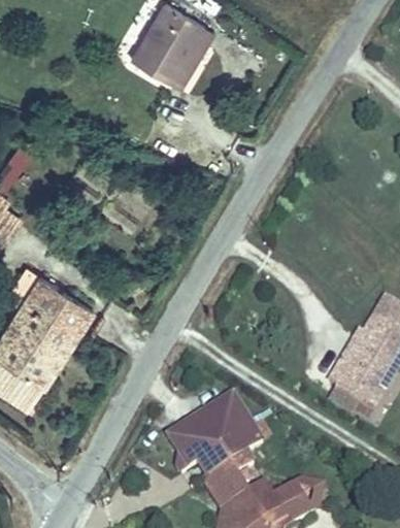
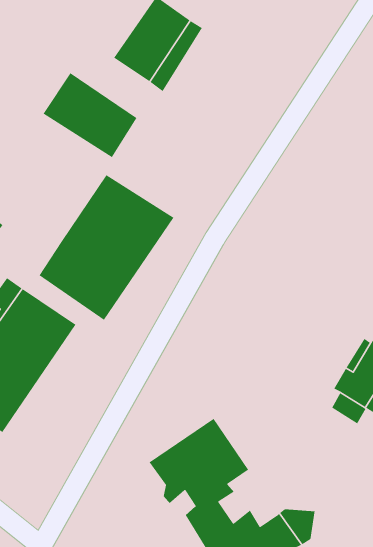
building: none -> [42,72,138,158]
building: none -> [39,174,175,321]

